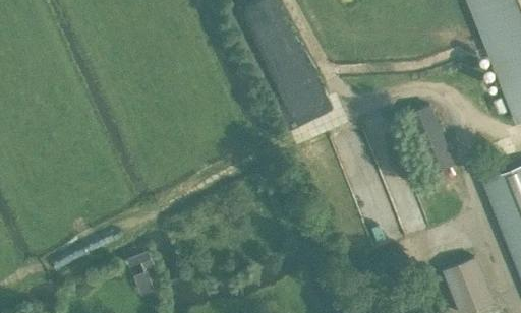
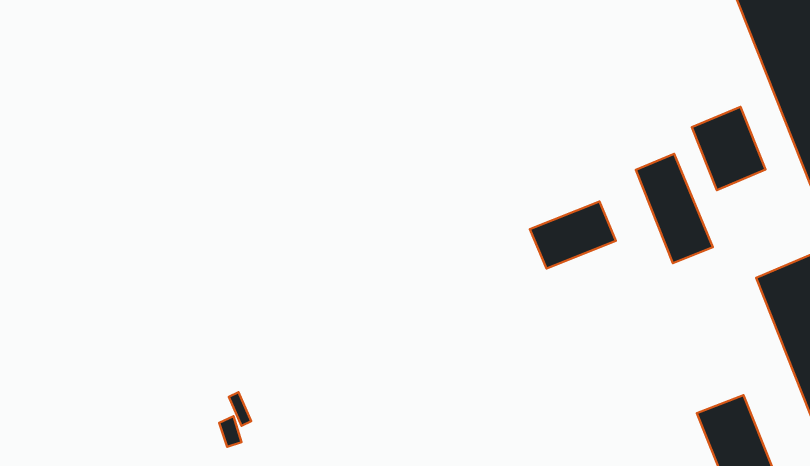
building: none -> [692,107,766,190]
building: none -> [530,201,616,269]

